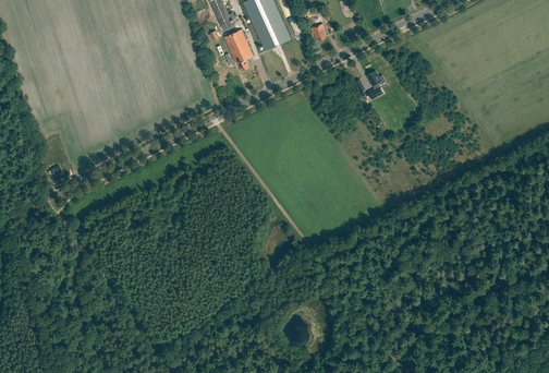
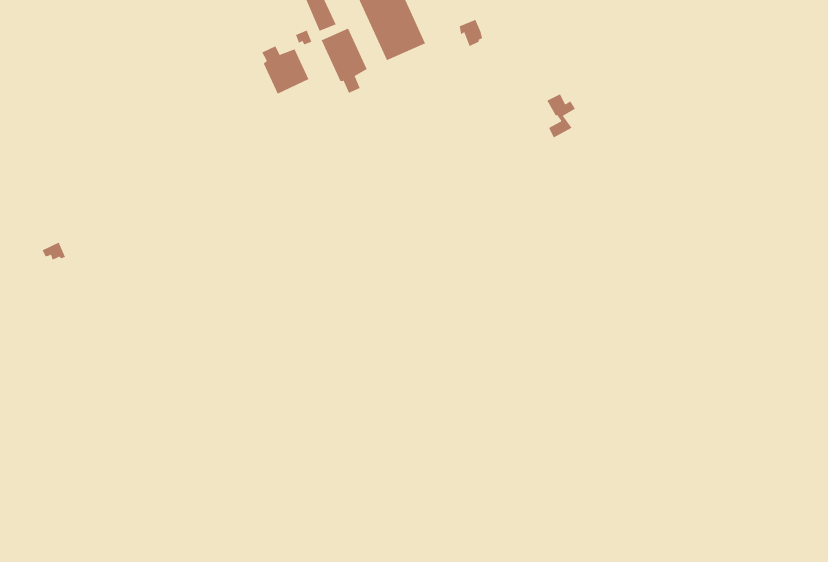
building: none -> [262,45,309,95]

